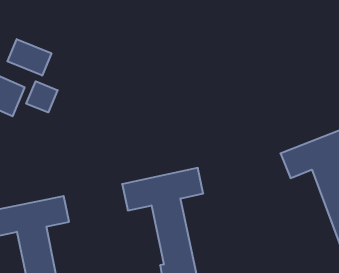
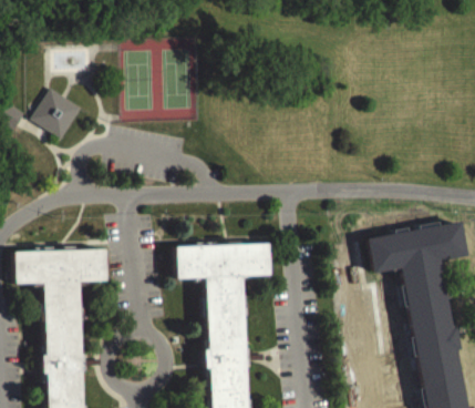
building: [7,39,51,76] -> none
building: [26,81,58,112] -> none

